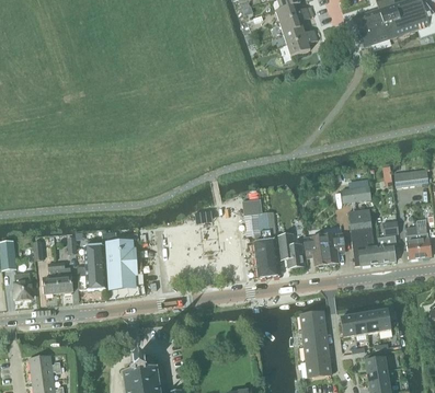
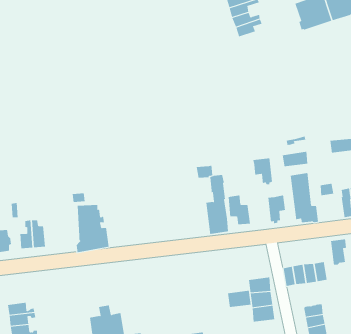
building: [378,233,397,263] -> [330,239,347,265]
building: [304,235,327,266] -> [253,158,273,185]
building: [84,243,107,288] -> none
building: [299,309,327,328] -> [227,290,251,308]

